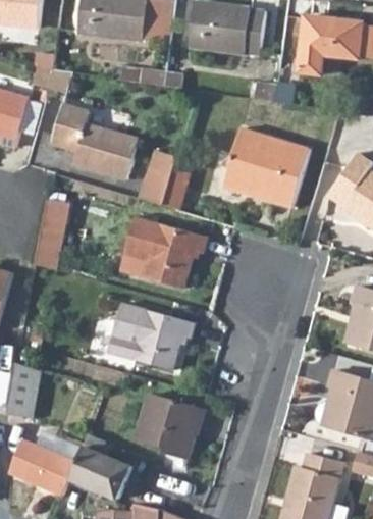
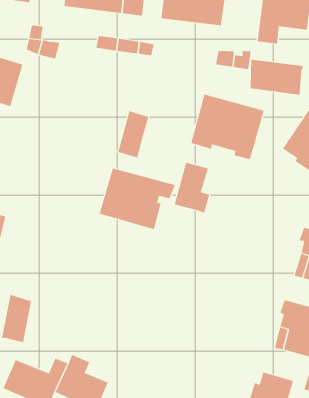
building: none -> [250,59,304,95]
building: [53,103,139,178] -> none
building: [35,199,68,268] -> none
building: none -> [174,162,210,213]
building: [108,303,193,370] -> none
building: [135,394,202,458] -> none

